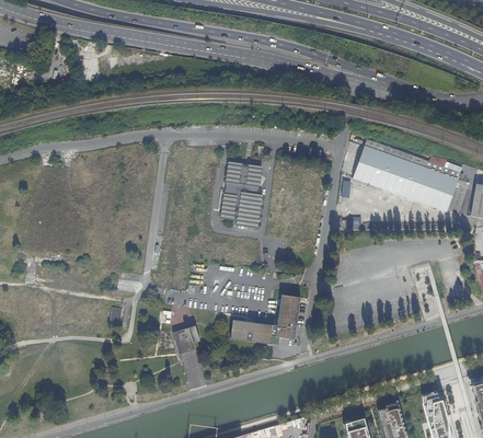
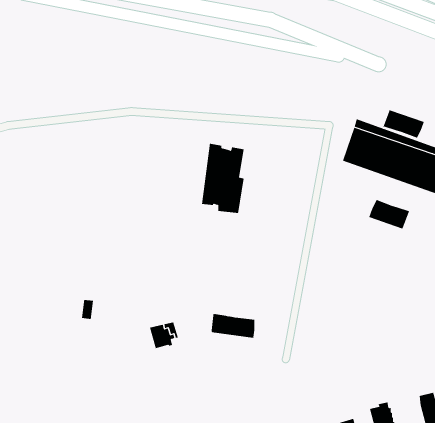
building: none -> [383,108,425,139]
building: none -> [368,199,410,231]
building: [272,295,300,339] -> none

